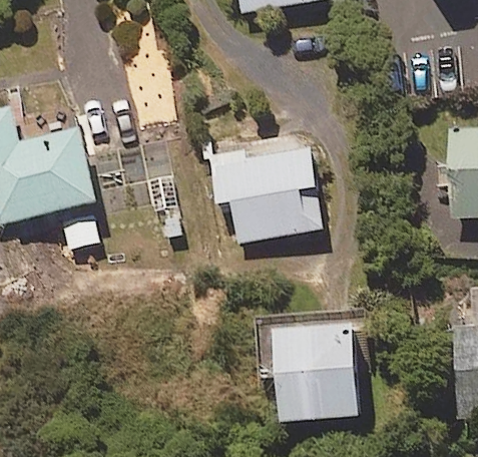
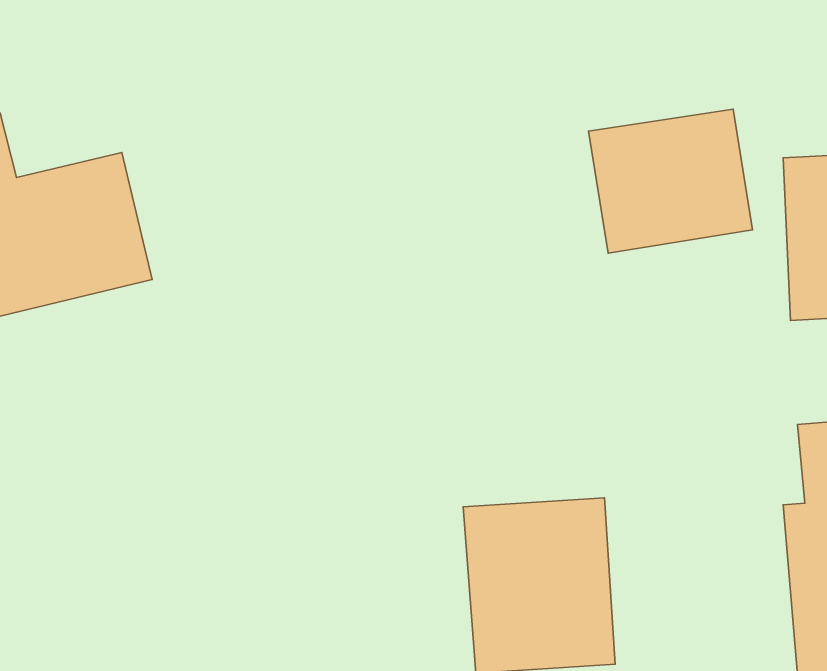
building: none -> [588,109,753,253]
building: [208,139,323,244] -> none

